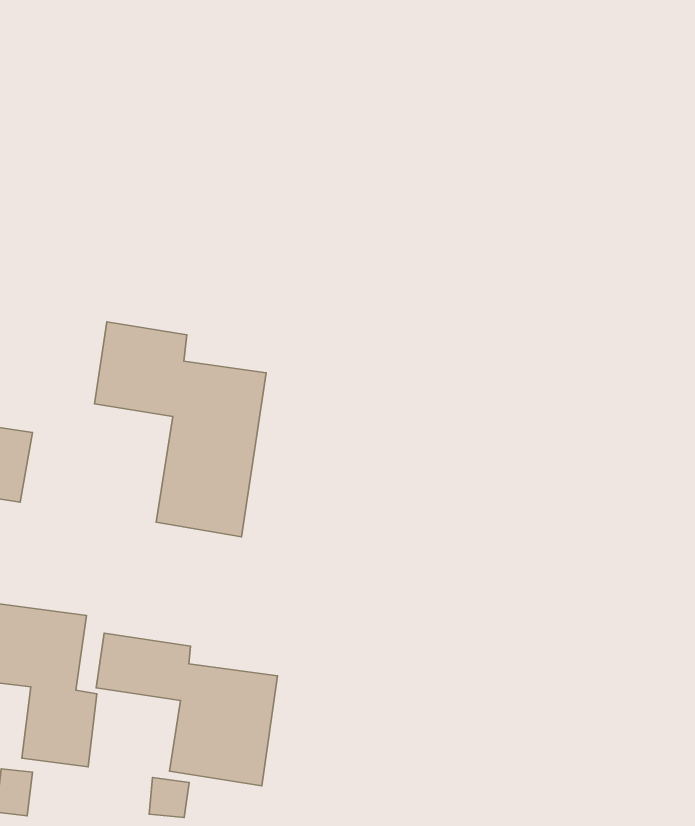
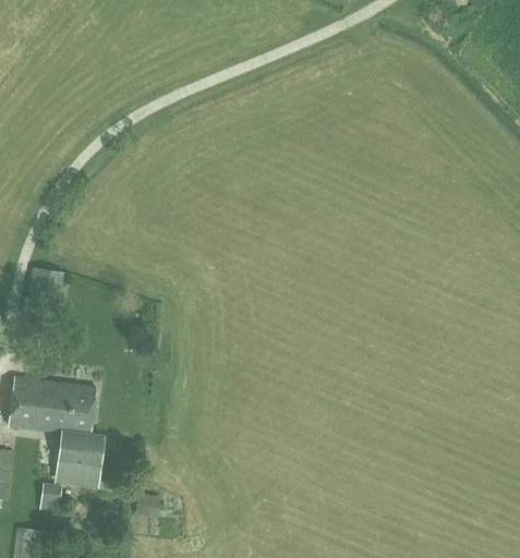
building: [95,322,266,537] -> none
building: [96,633,277,786] -> none

